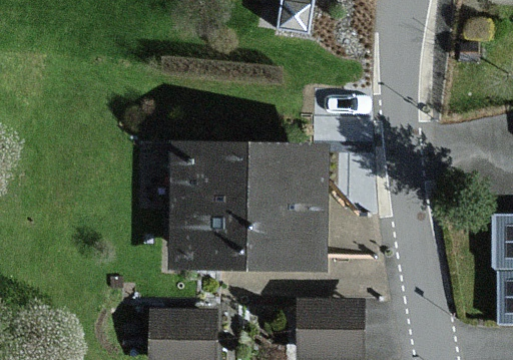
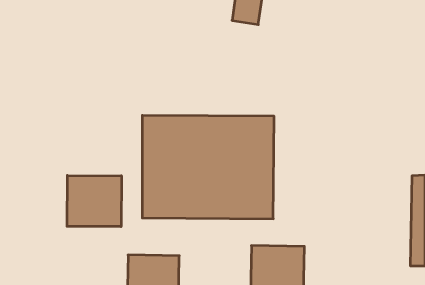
building: none -> [67,175,121,227]

